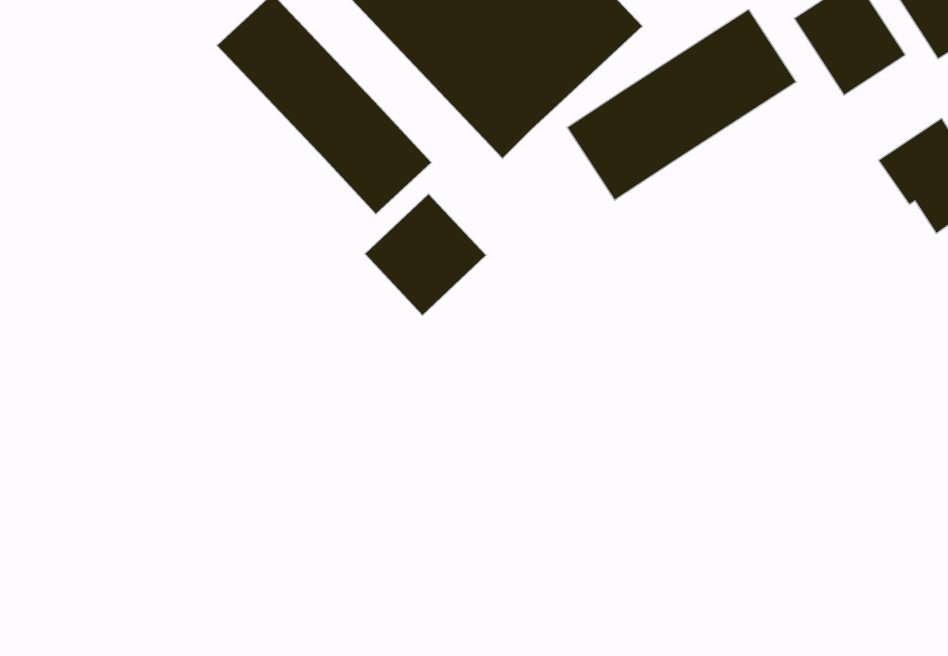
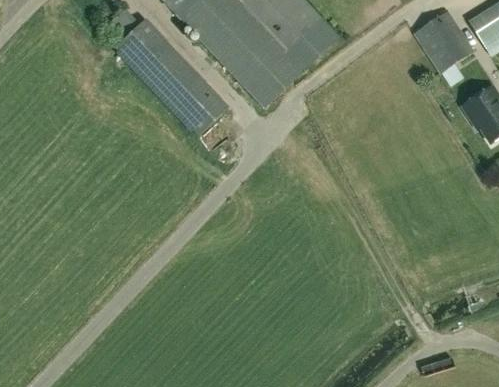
building: [567,9,796,200] -> none
building: [365,194,486,315] -> none

